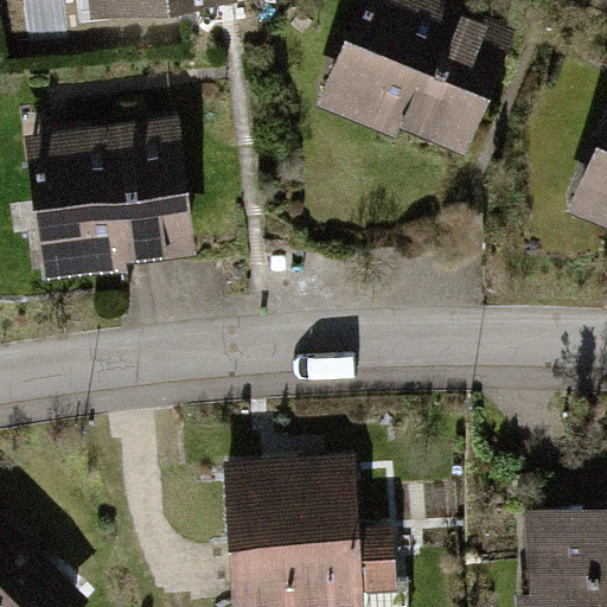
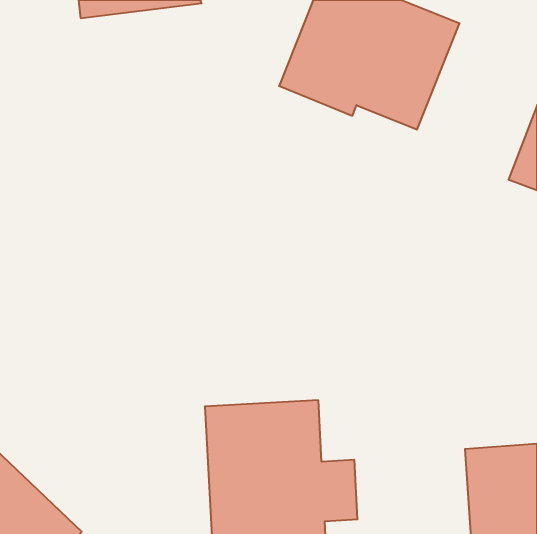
building: [25,122,200,281] -> none

